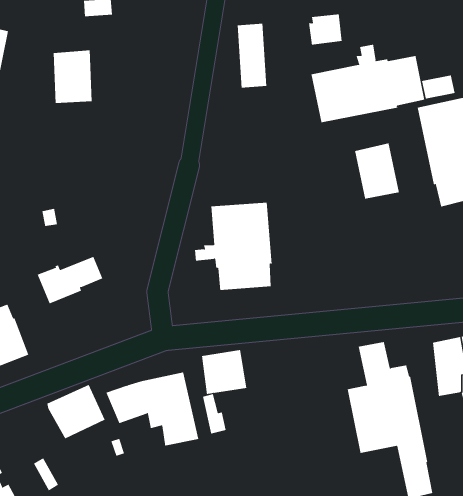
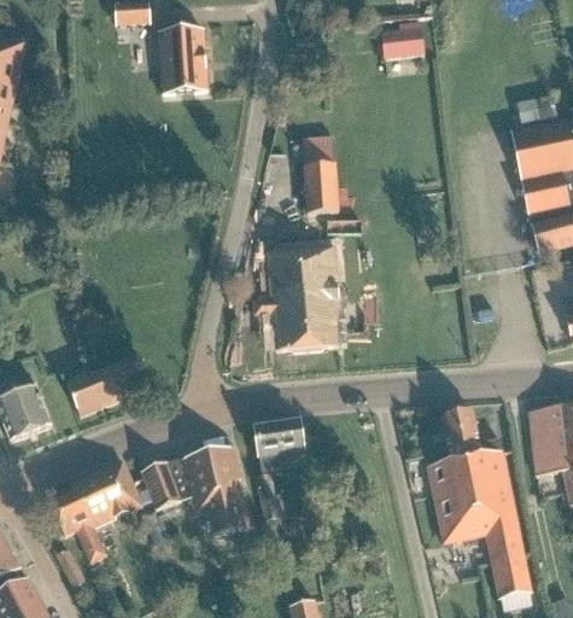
building: [237,23,267,88] -> [302,135,338,212]
building: [311,44,425,123] -> none
building: [53,50,92,104] -> [159,28,206,92]
building: [355,142,399,200] -> none
building: [37,256,103,304] -> [65,357,144,414]
building: none -> [48,489,105,559]

